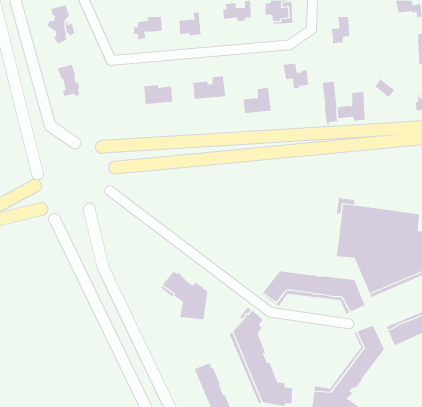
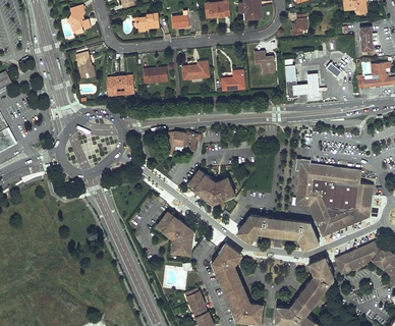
building: none -> [106,75,134,97]
building: none -> [167,131,201,156]
building: none -> [190,172,233,204]

